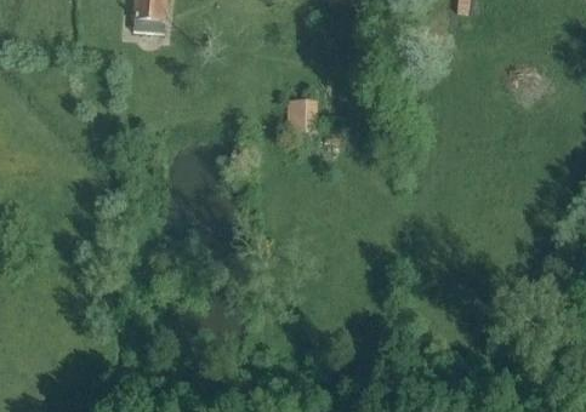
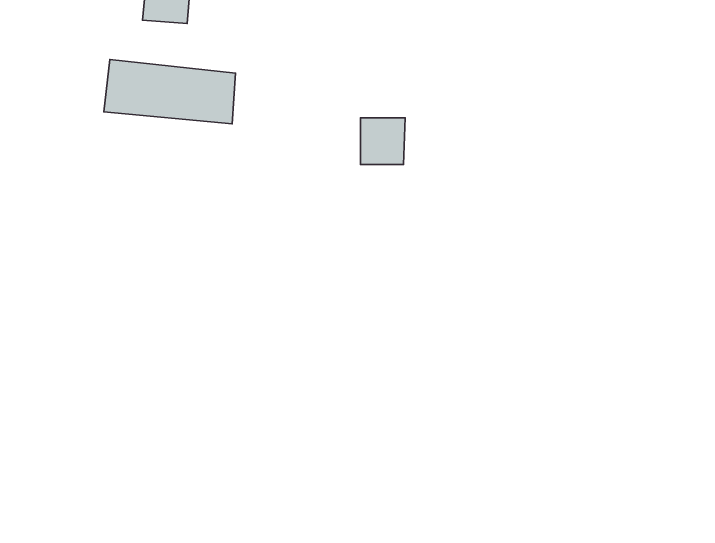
building: none -> [104,59,236,124]

